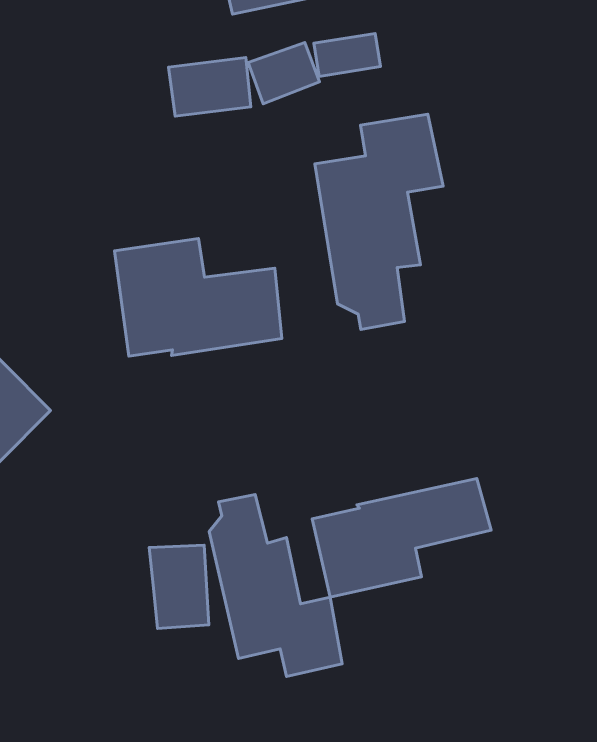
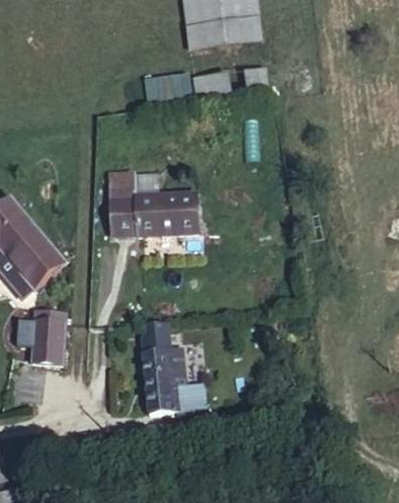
building: [315,114,443,330] -> none
building: [312,479,491,597] -> none
building: [149,545,209,628] -> [30,321,62,368]

